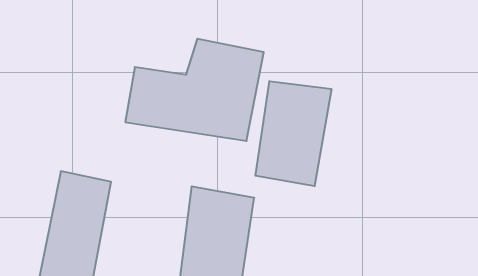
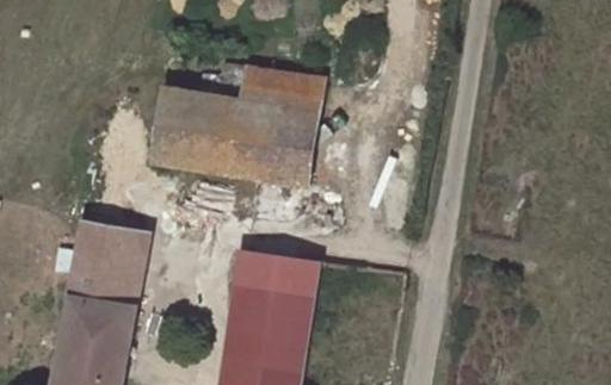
building: [255,81,331,186] -> none

